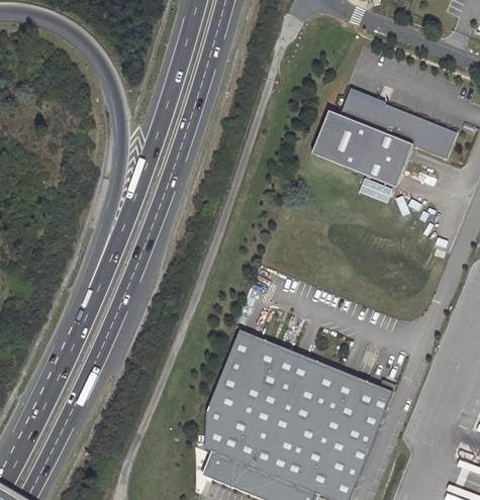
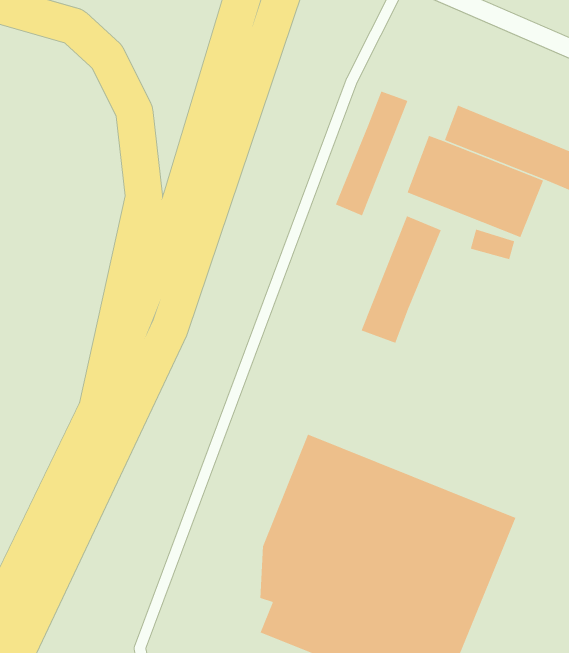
building: none -> [335,91,409,217]
building: none -> [361,215,442,344]

